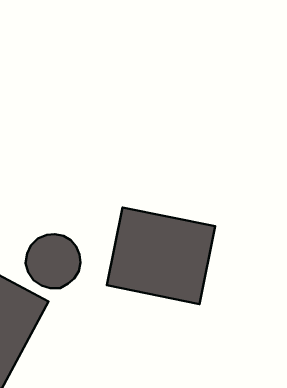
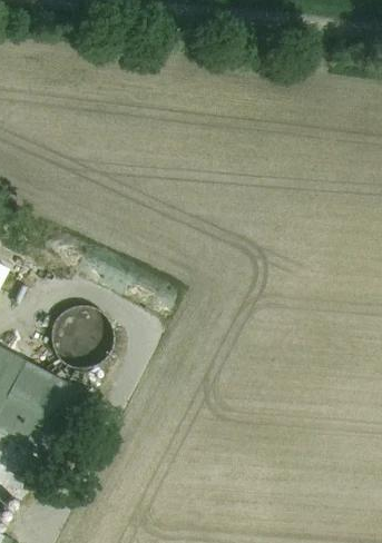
building: [107,207,215,304] -> none

